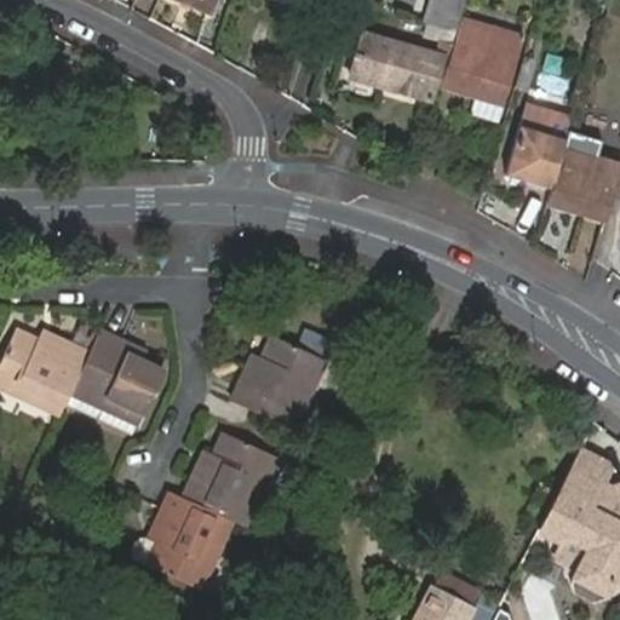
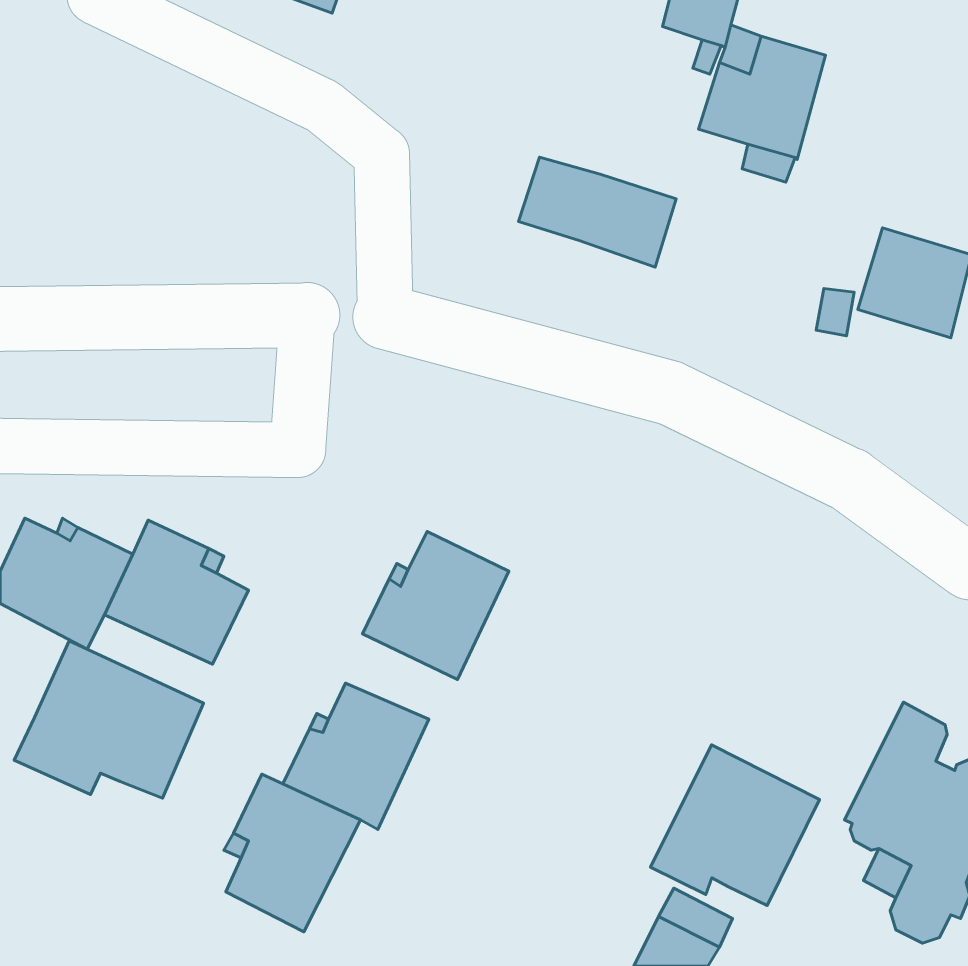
building: [349,28,449,98] -> [519,157,676,267]
building: [510,103,573,185] -> none
building: none -> [14,641,204,798]
building: none -> [650,745,820,905]

